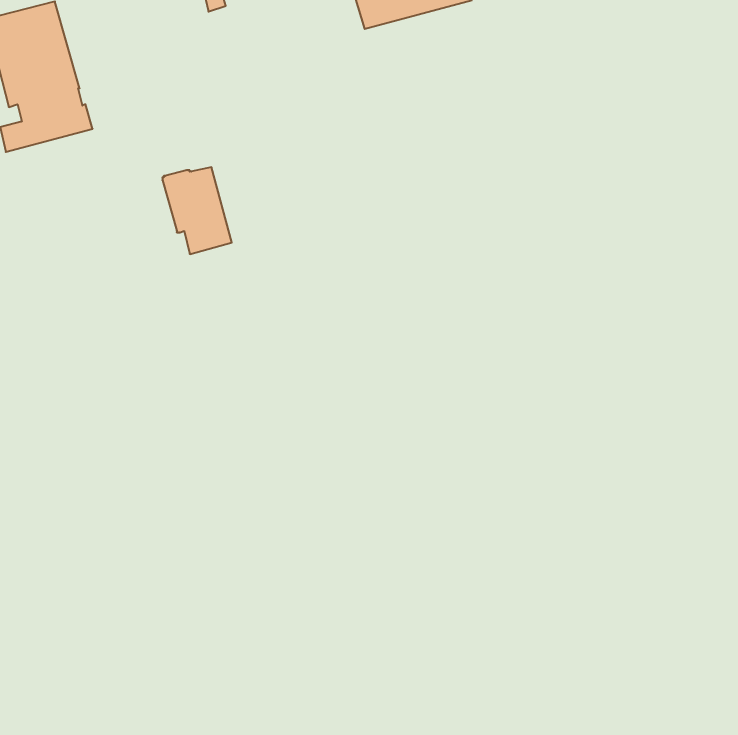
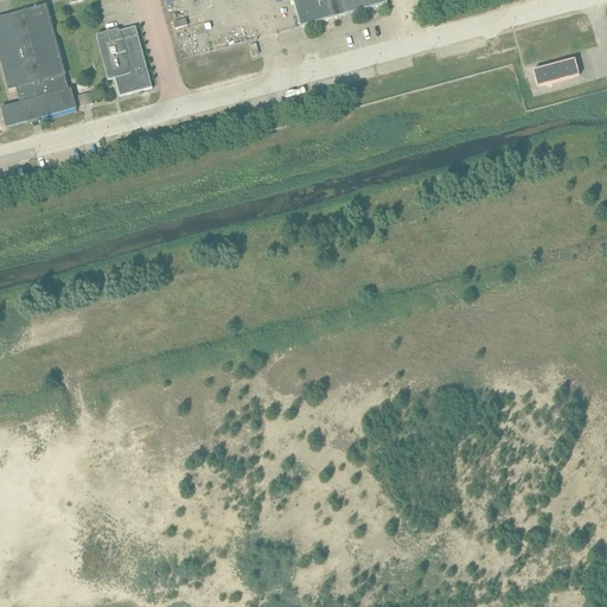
building: none -> [532,57,577,84]
building: [162,167,232,254] -> [95,24,152,95]

